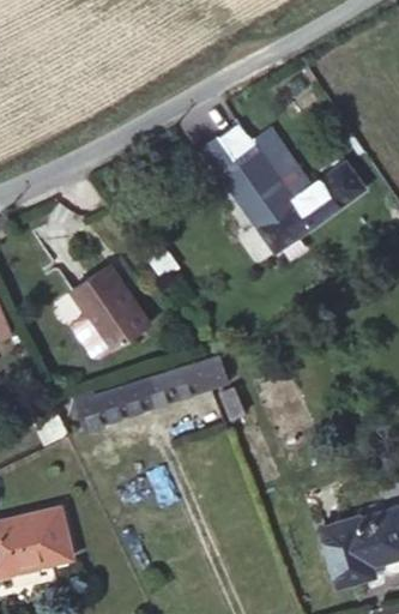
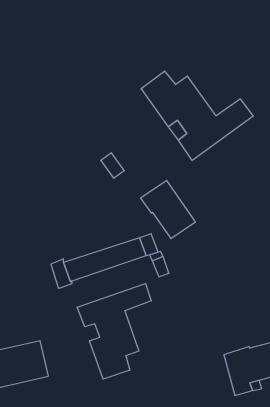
building: [72,264,150,347] -> [141,180,195,239]
building: none -> [77,283,151,379]

